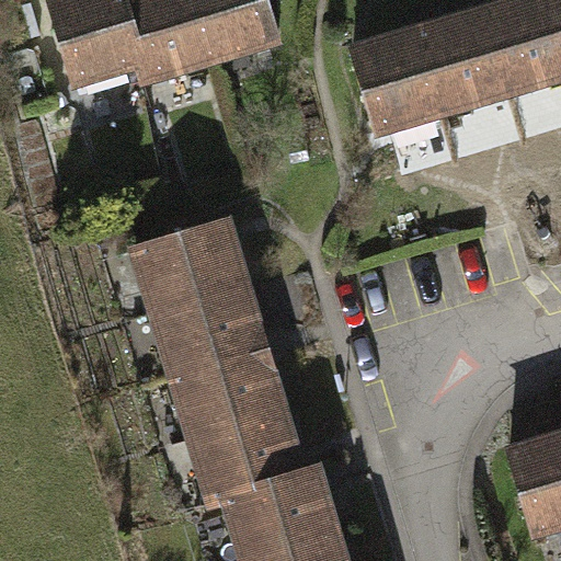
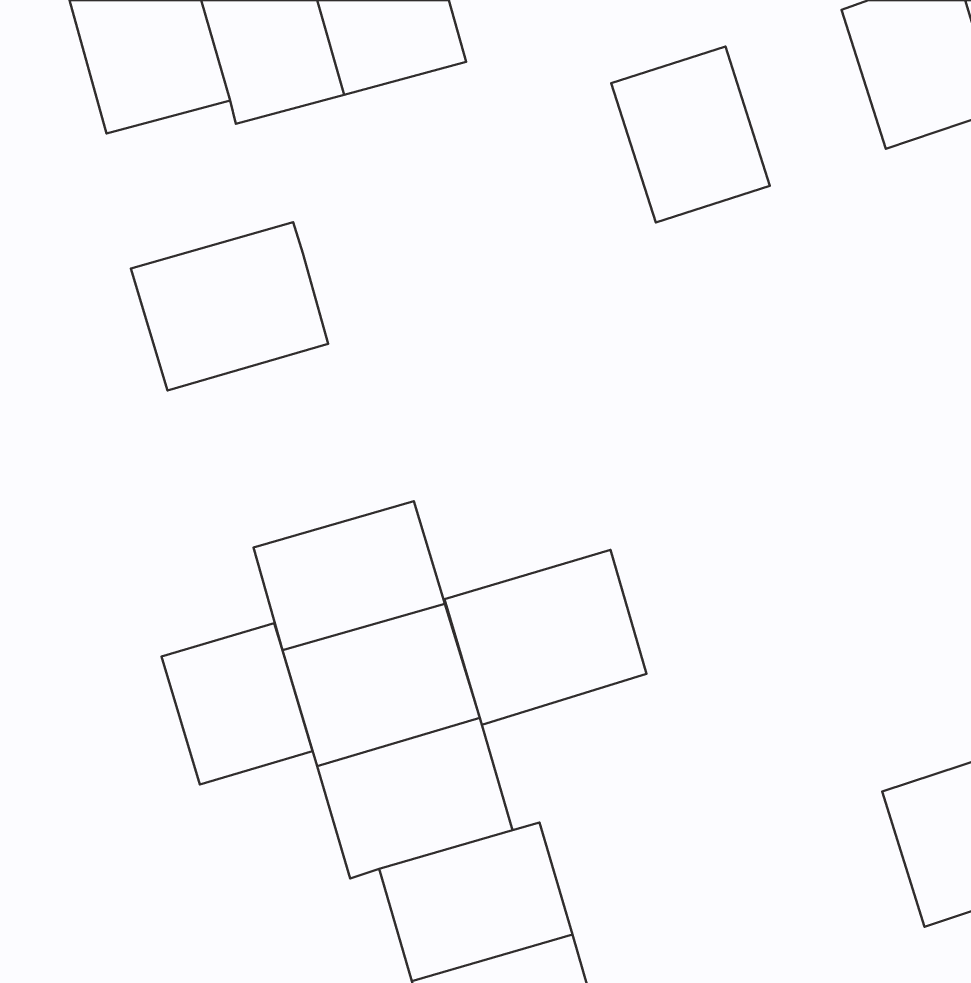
building: [421,9,512,108] -> none
building: [133,218,244,313] -> [131,222,328,390]
building: none -> [445,550,646,725]
building: none -> [162,623,312,784]

